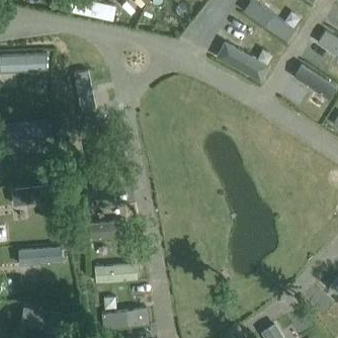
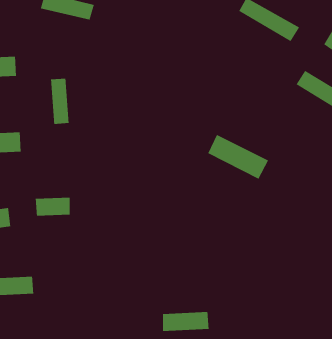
building: [216,41,270,82] -> [207,134,269,180]
building: [89,222,120,239] -> [35,197,70,216]
building: [95,264,137,282] -> [162,311,209,332]

